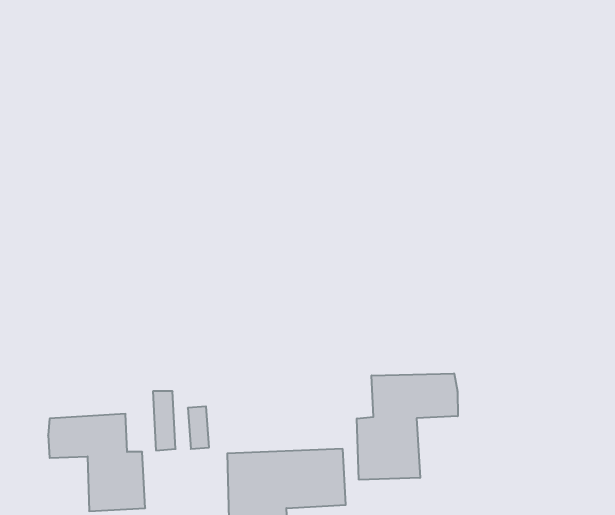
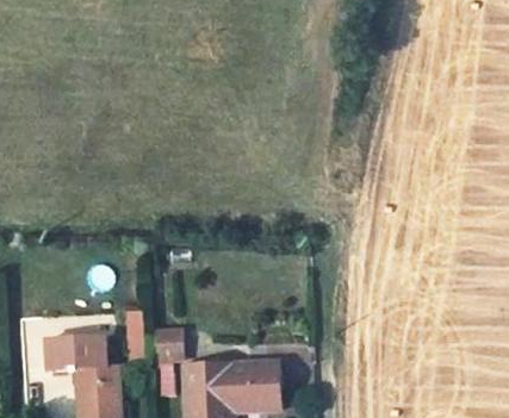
building: [357,373,458,480] -> none

